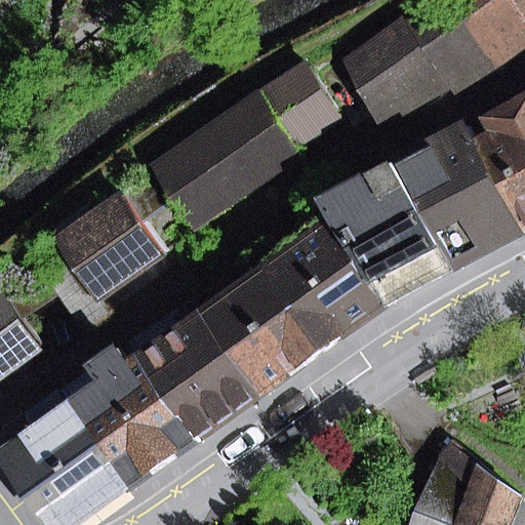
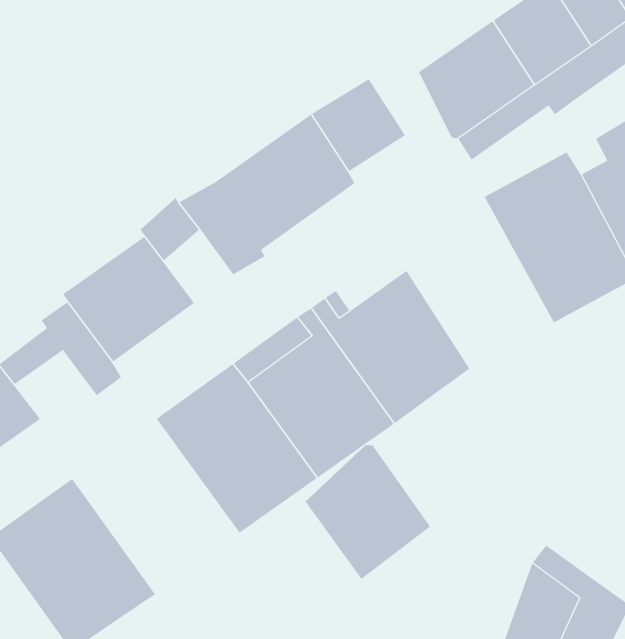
building: [328,162,456,301] -> none
building: [66,342,201,485] -> none
building: none -> [305,444,431,580]

